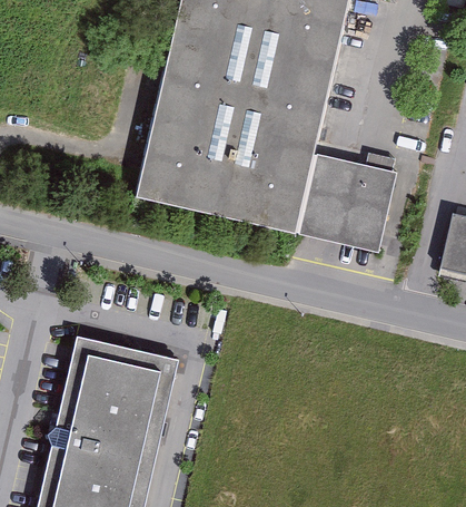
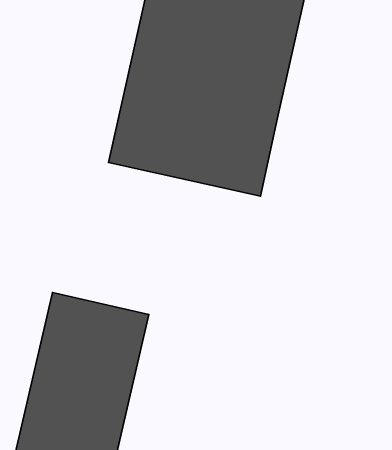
building: [297,150,397,251] -> none

